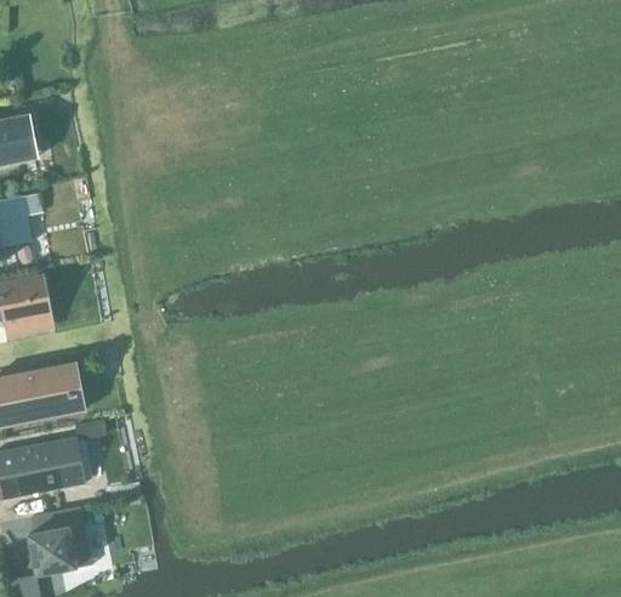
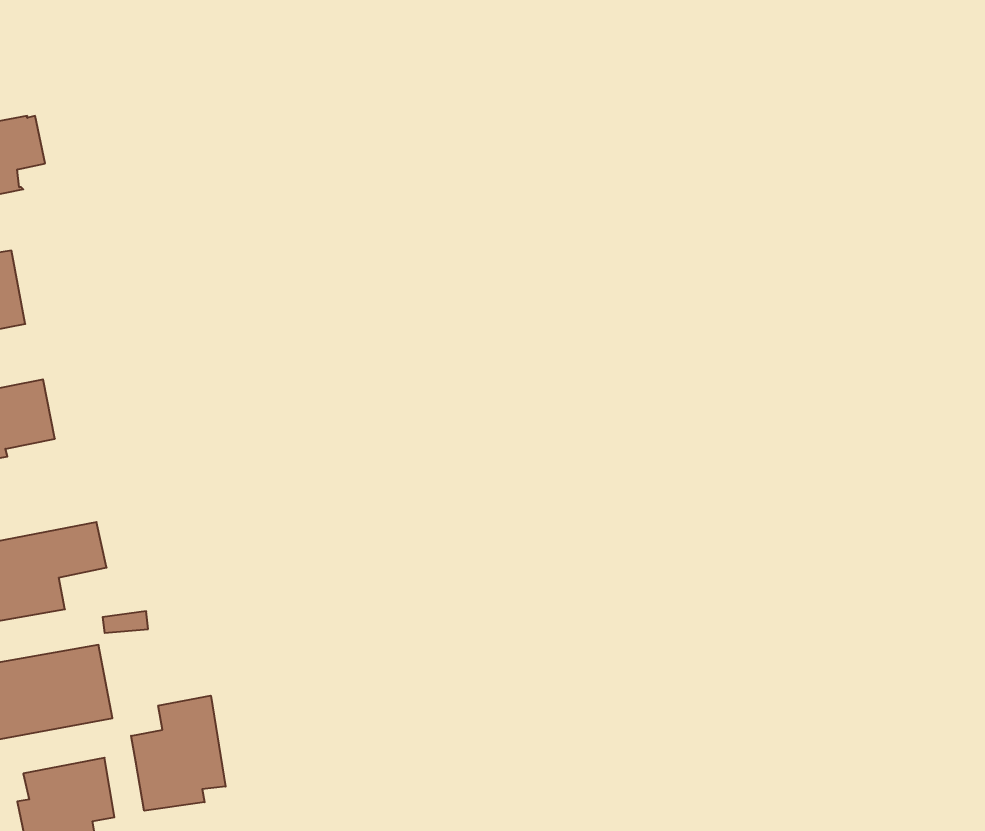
building: none -> [131,696,226,811]

